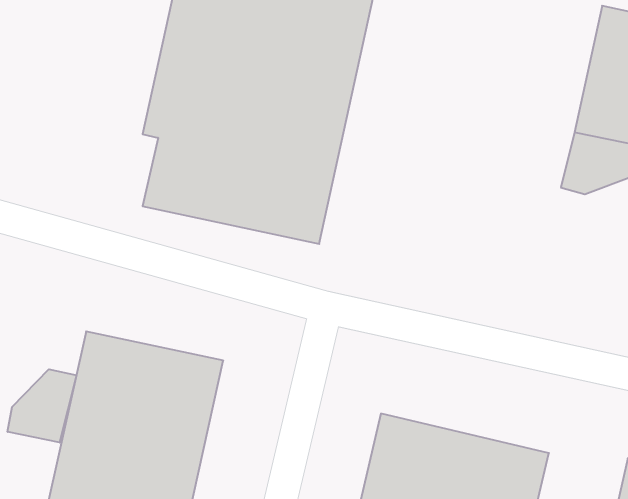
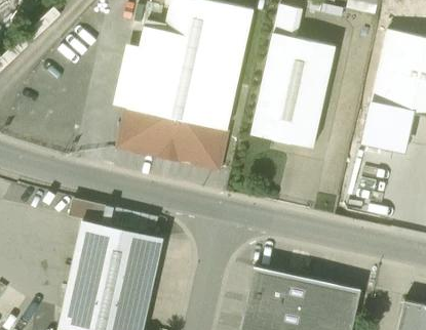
building: none -> [250,32,336,148]
building: [8,369,76,443] -> none

